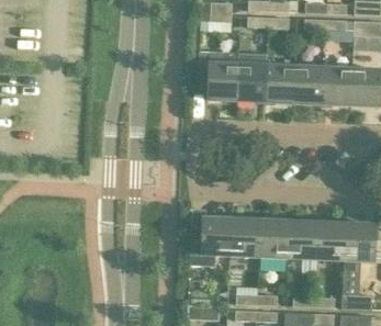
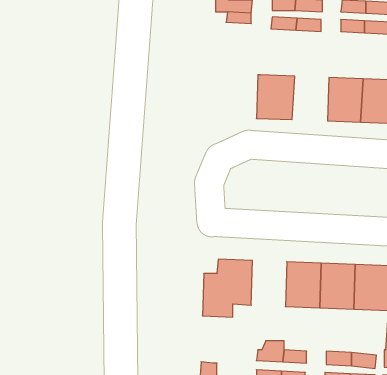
building: [197,50,237,100] -> none
building: [264,65,294,102] -> none
building: [229,218,259,257] -> none

